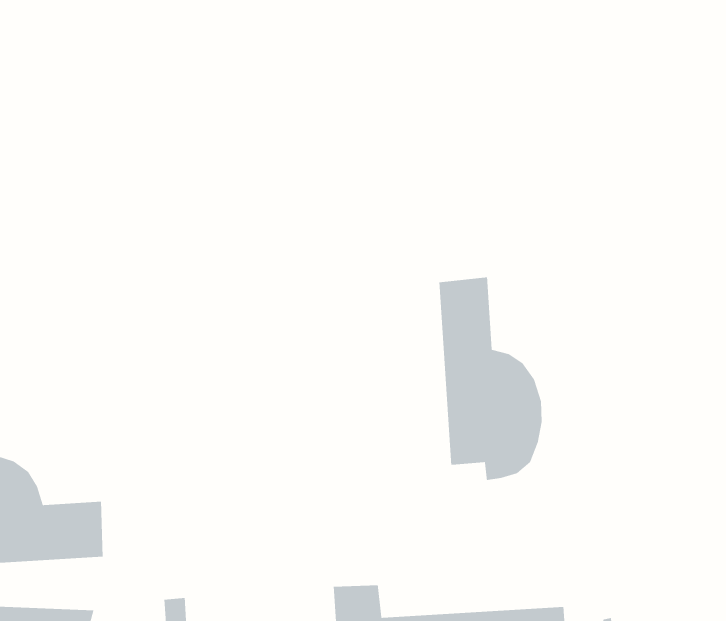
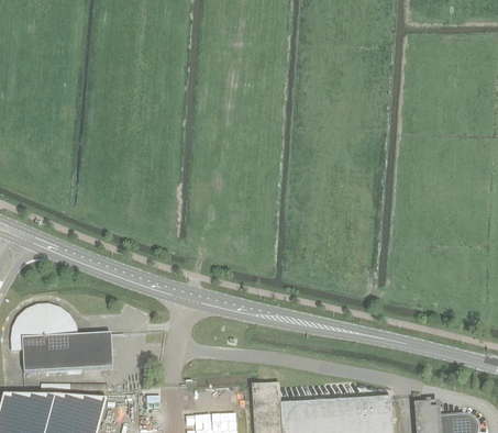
building: [438,276,543,481] -> none

